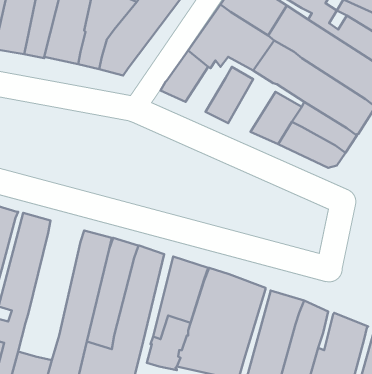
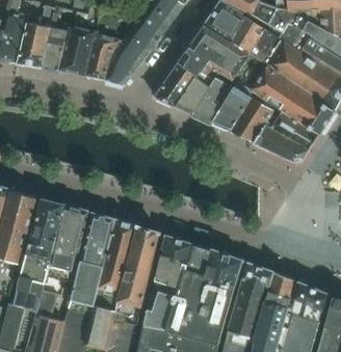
building: none -> [176,77,209,114]
building: none -> [211,86,252,131]
building: none -> [36,205,87,318]

